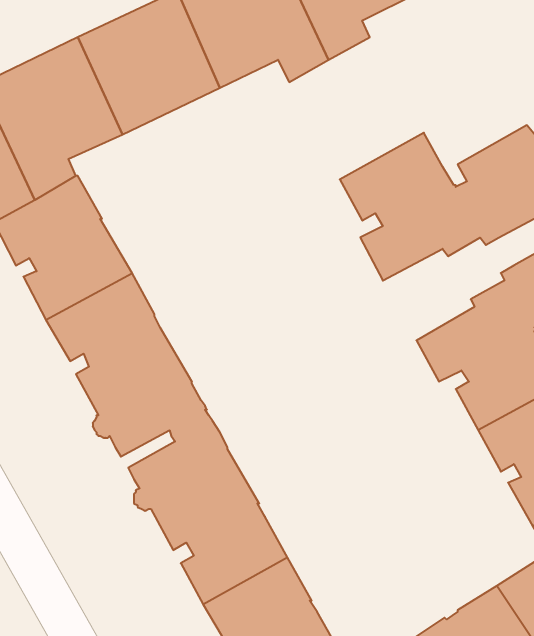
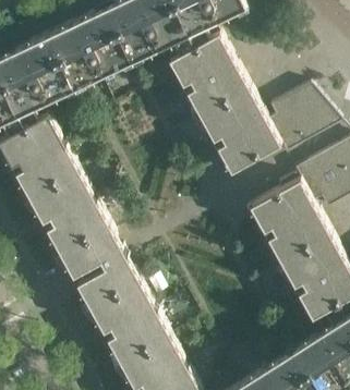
building: none -> [170,35,250,118]

